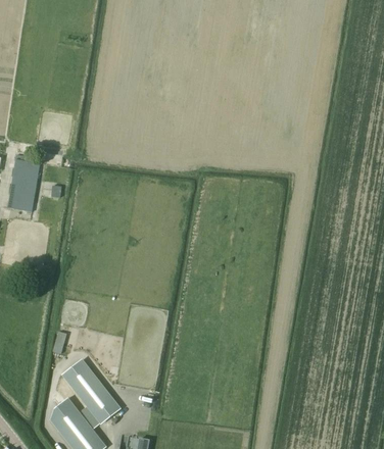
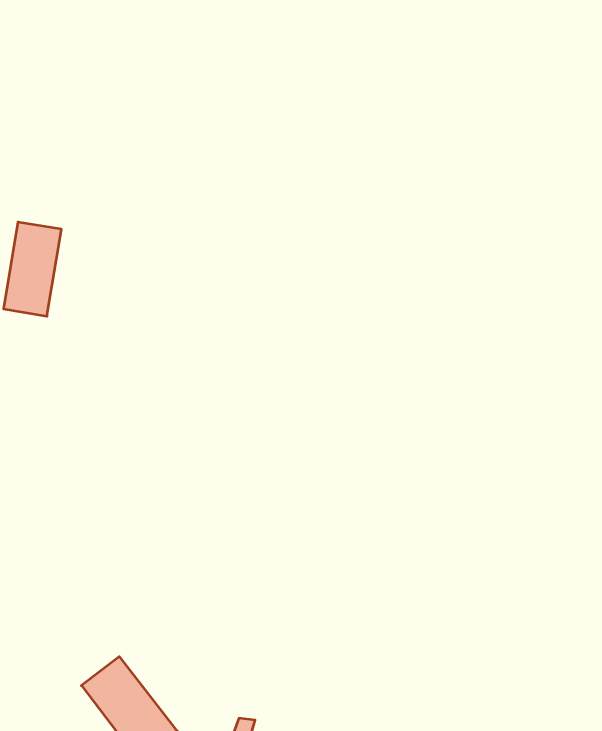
building: [61,359,119,423] -> none

